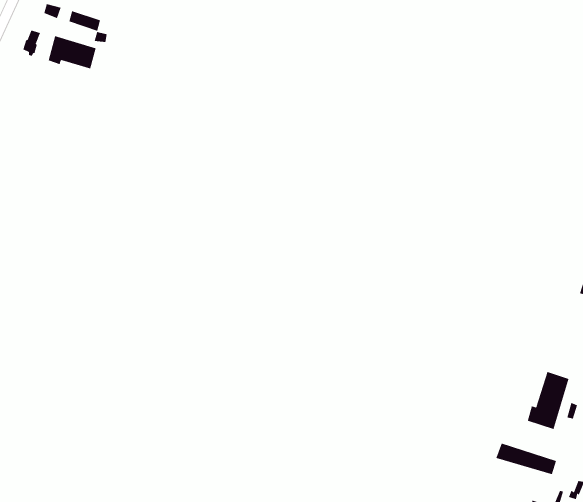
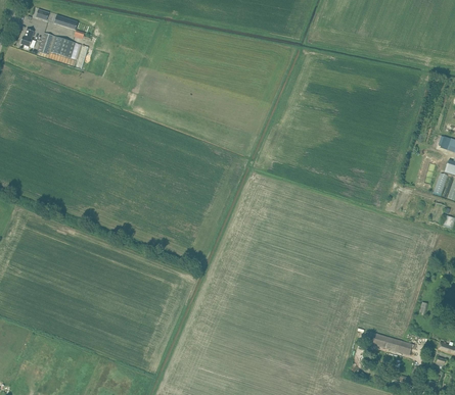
building: [527,371,569,430] -> none

